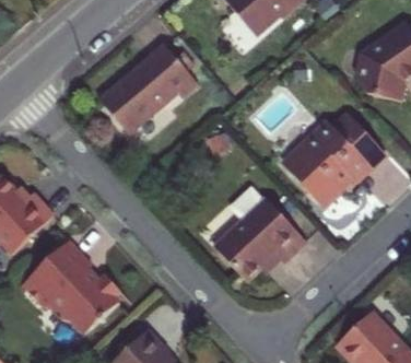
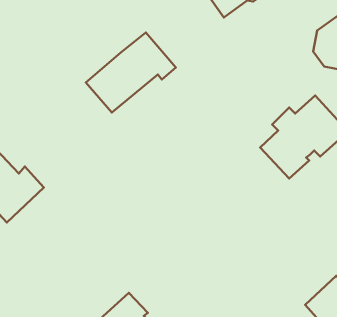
building: [218,199,306,279] -> none
building: [21,239,120,335] -> none

